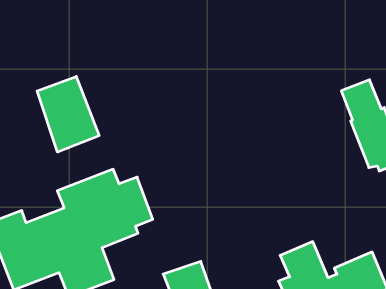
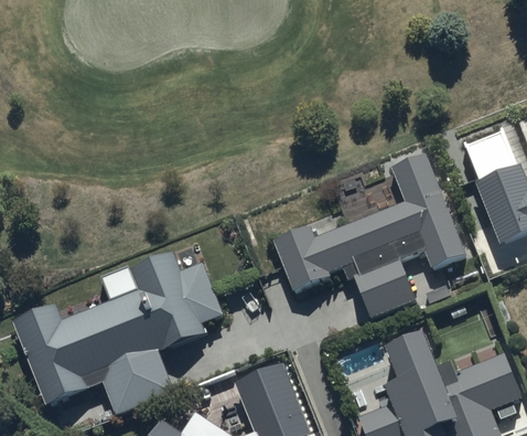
building: [37,76,99,152] -> none
building: none -> [275,153,463,317]

